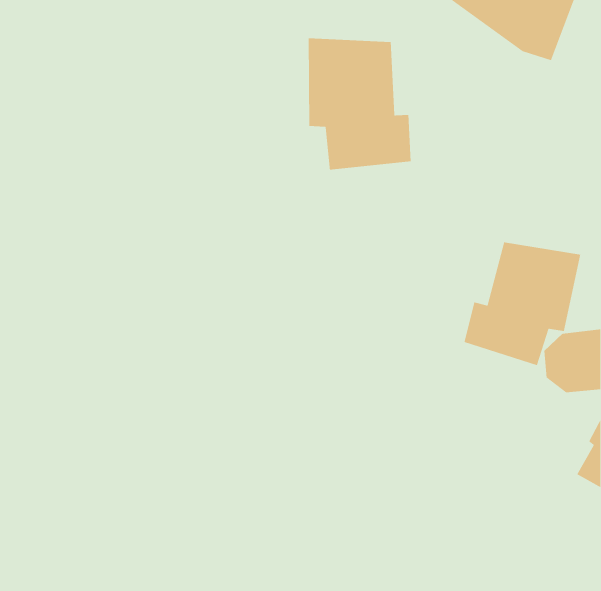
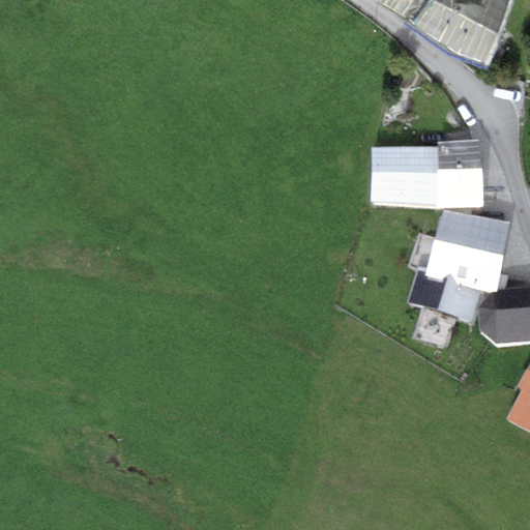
building: [308,38,411,170] -> none
building: none -> [371,141,483,210]

